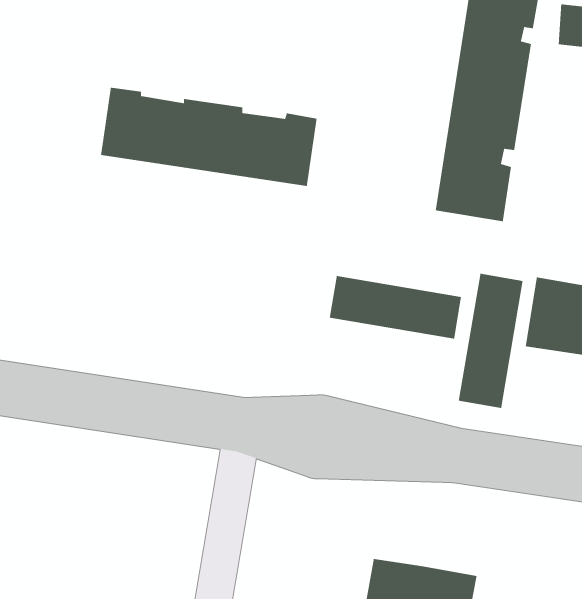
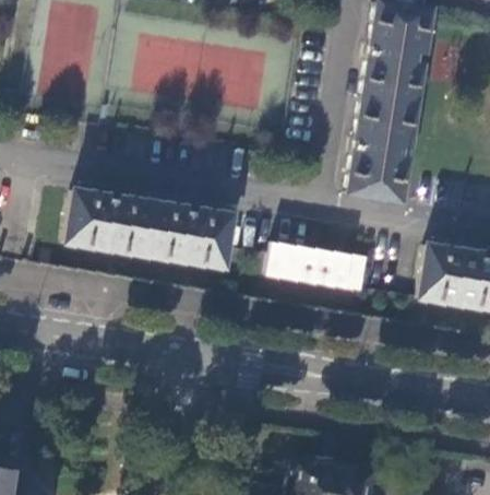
building: [100,87,318,187] -> [65,191,231,268]
building: [458,273,524,409] -> none

